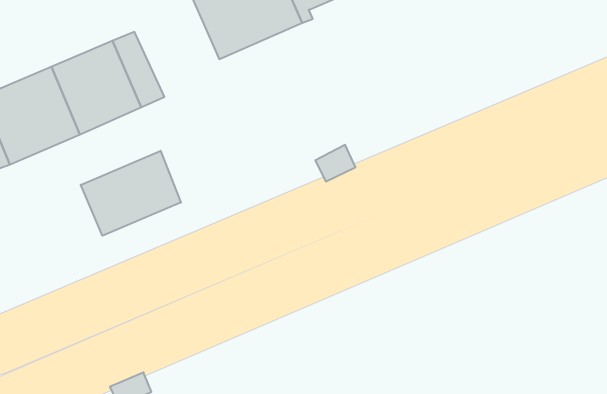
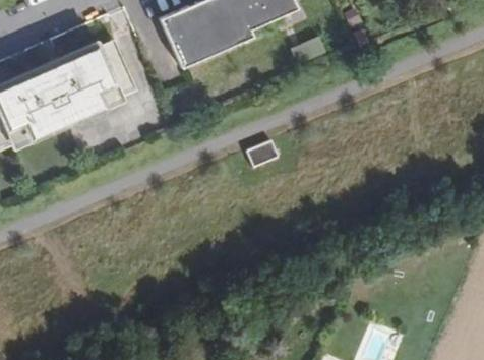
building: [81,151,181,236] -> none

